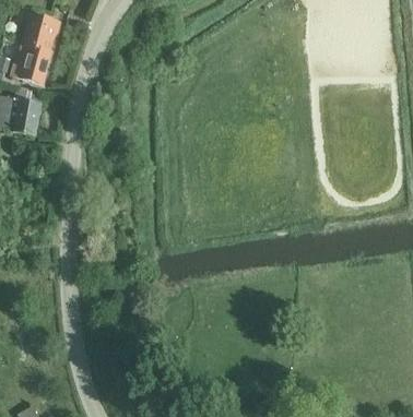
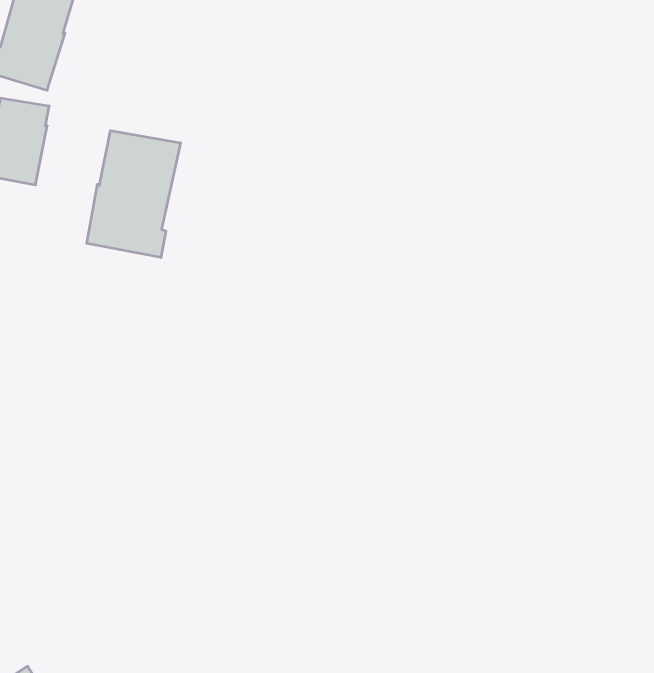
building: none -> [87,131,180,258]

